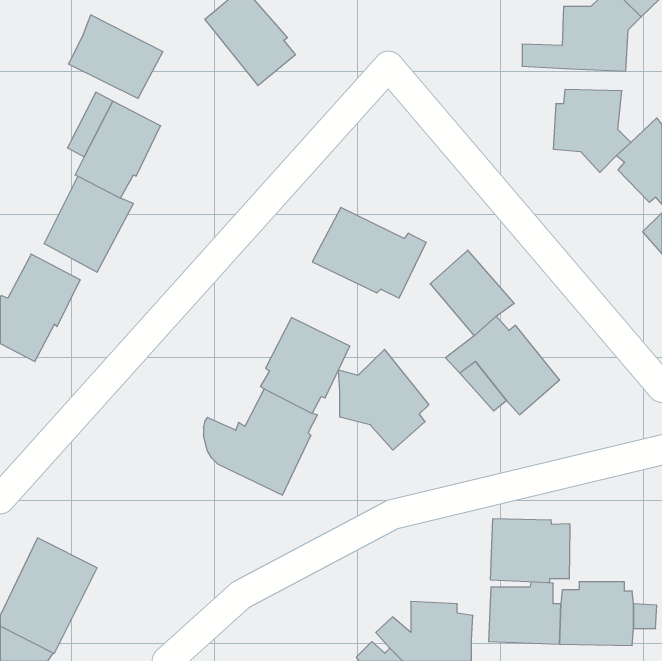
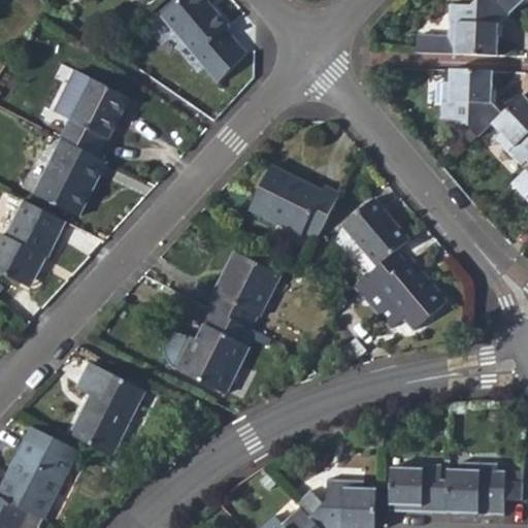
building: [68,15,163,98] -> none
building: [339,349,429,450] -> none
building: none -> [70,365,143,456]
building: [491,519,570,583] -> none

